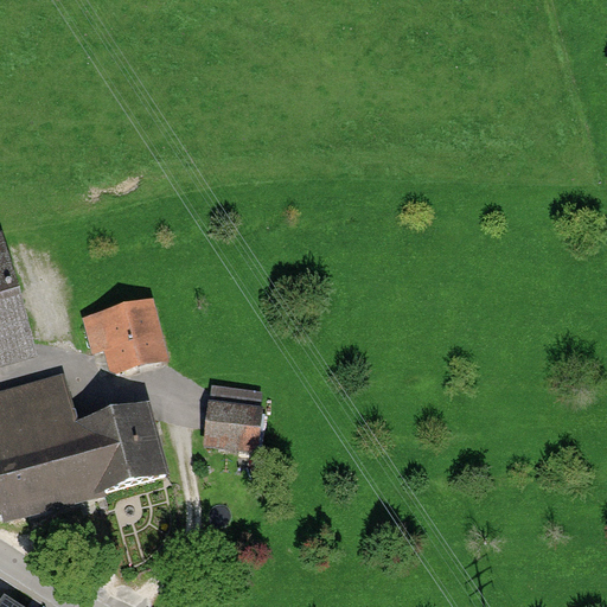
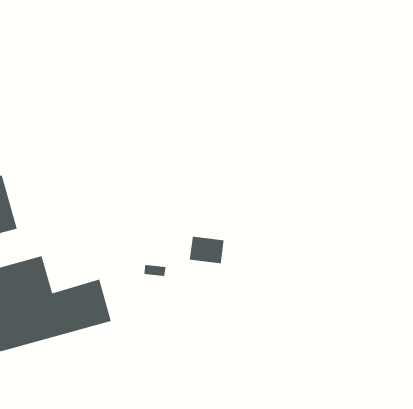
building: [84,302,161,366] -> none
building: [206,404,258,446] -> [189,236,225,264]

